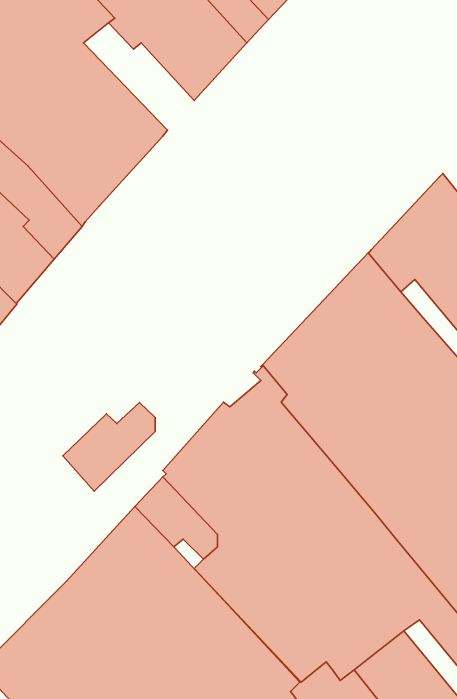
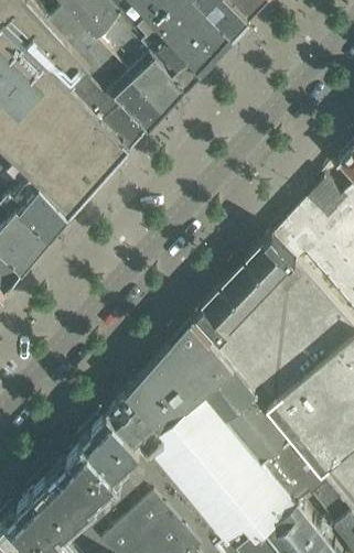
building: none -> [71,73,149,149]
building: [63,402,155,491] -> none

